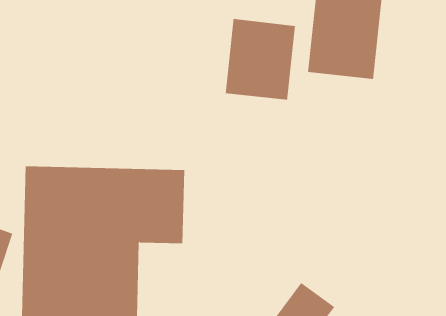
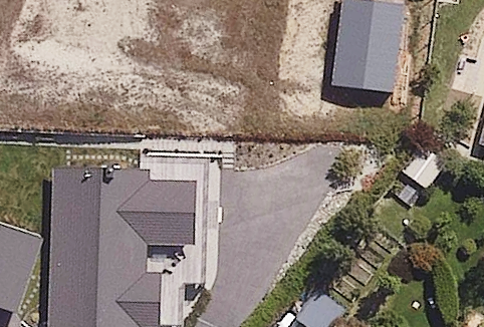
building: [225,18,295,100] -> none

